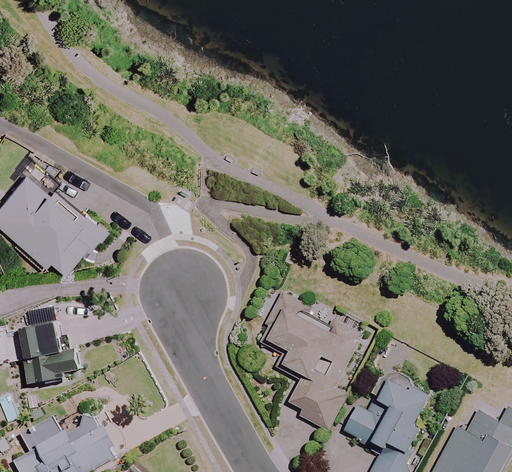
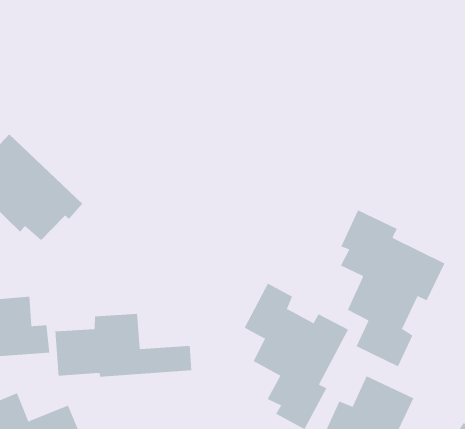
building: none -> [340,210,445,367]
building: none -> [55,313,192,378]

